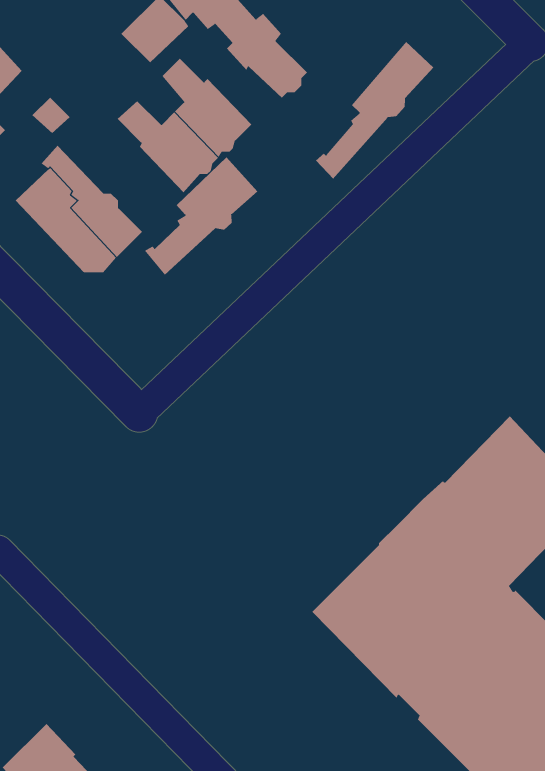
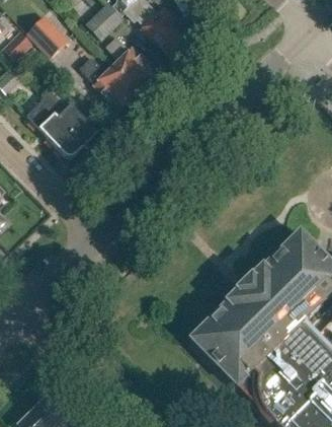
building: none -> [25,14,68,57]
building: [315,41,434,179] -> none
building: [144,156,258,275] -> none

